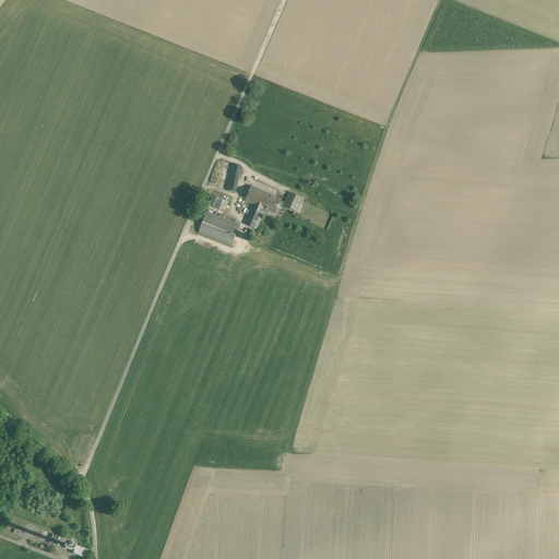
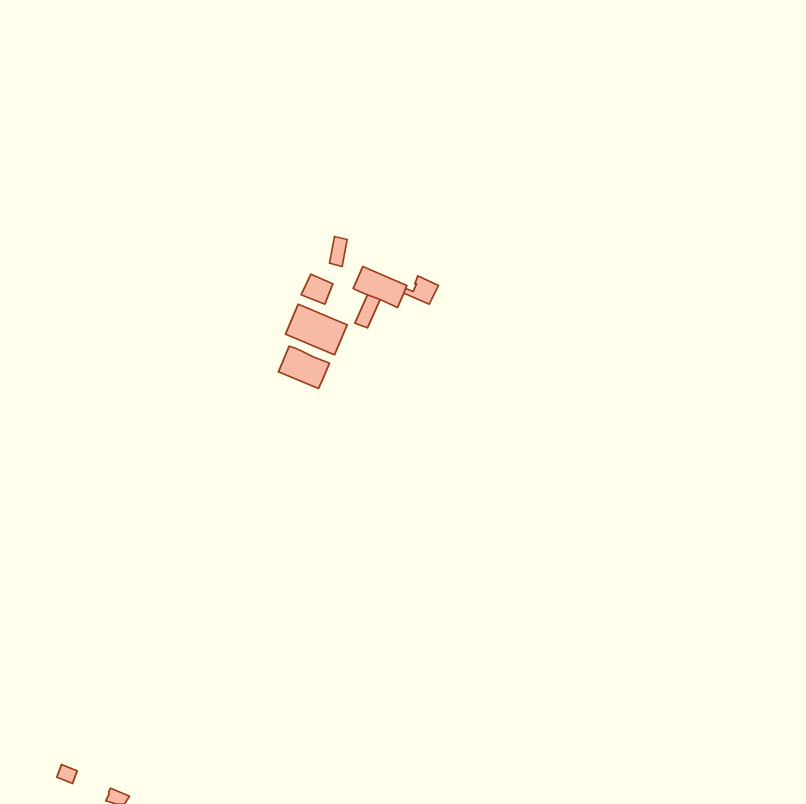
building: none -> [279,346,329,389]

